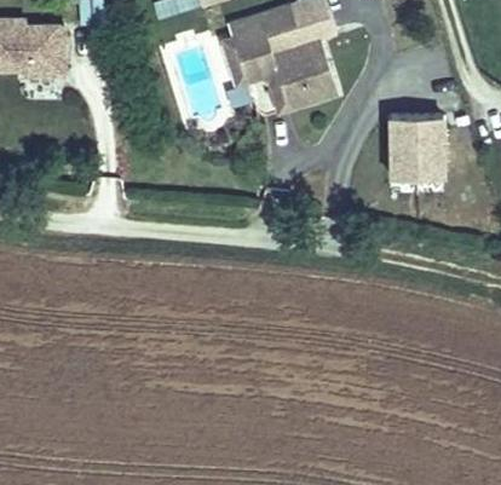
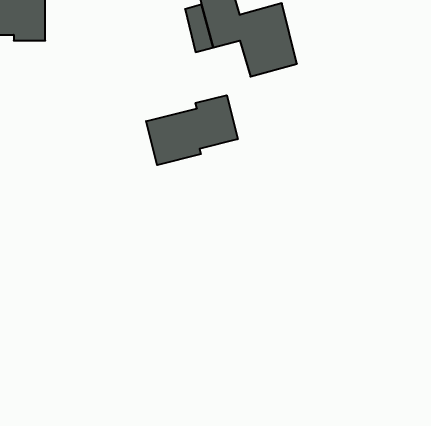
building: [391,117,443,179] -> none
building: none -> [146,95,238,165]

